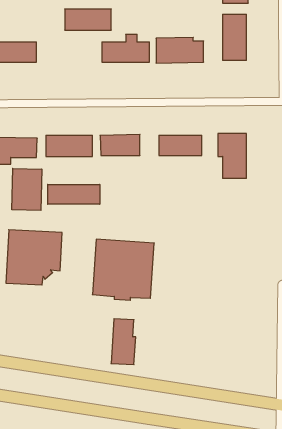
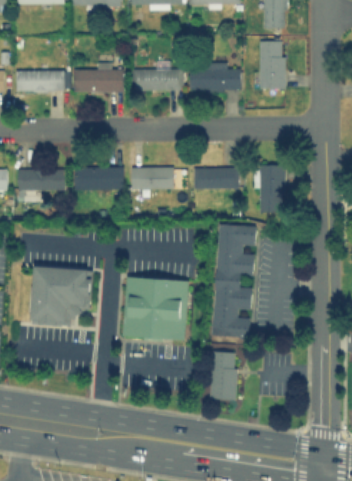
building: [65,9,111,30] -> [74,70,123,92]
building: [12,168,42,210] -> none
building: [48,184,100,204] -> none
building: none -> [211,226,256,337]
building: [111,319,136,365] -> [210,352,236,400]

